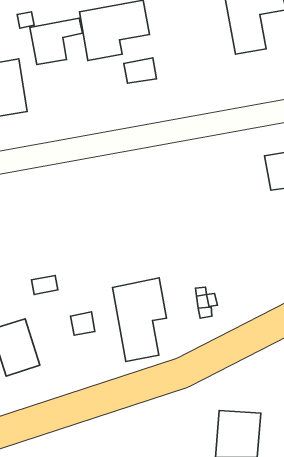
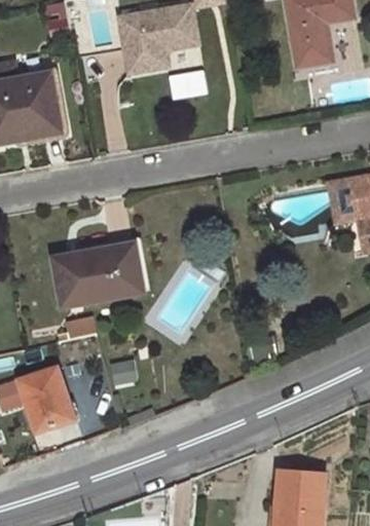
building: [30,18,82,65] -> none
building: none -> [54,243,144,305]
building: [113,278,166,361] -> none

